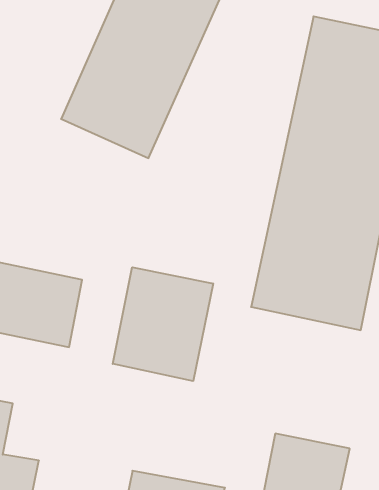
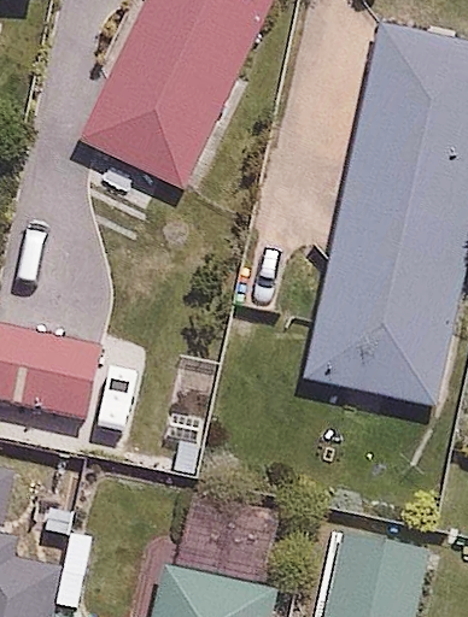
building: [113,267,213,381] -> none

